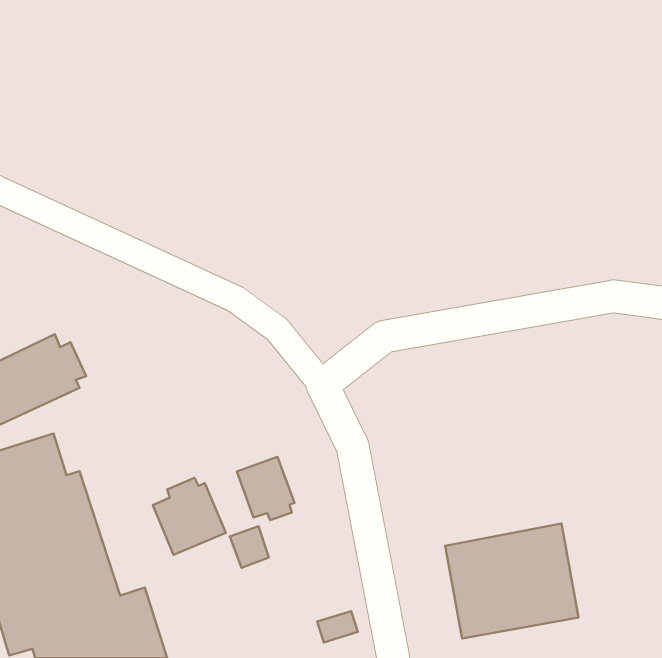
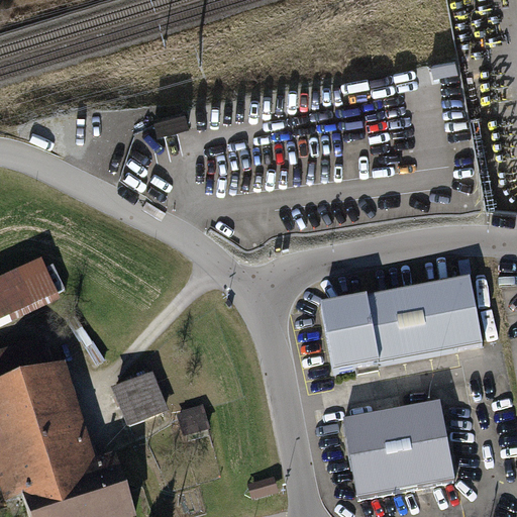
building: none -> [320,278,478,368]
building: [237,457,294,520] -> none

